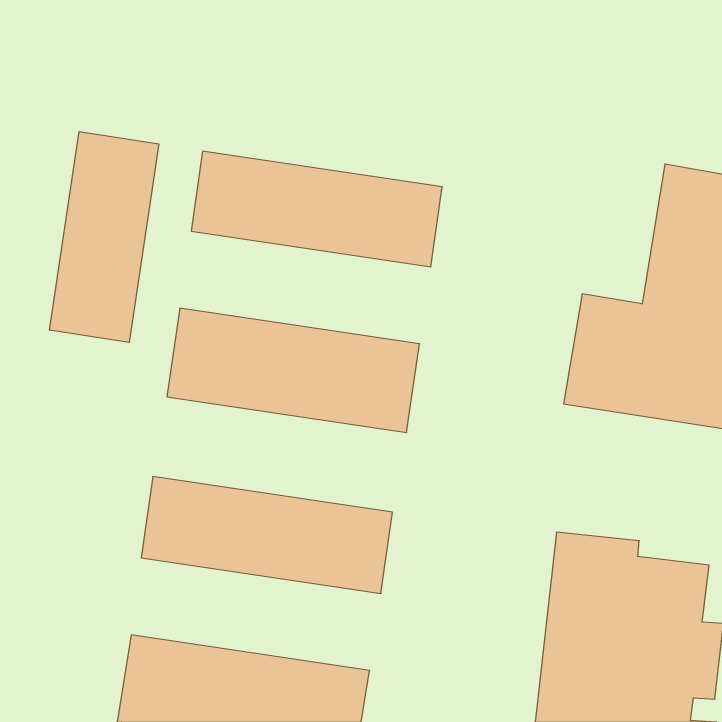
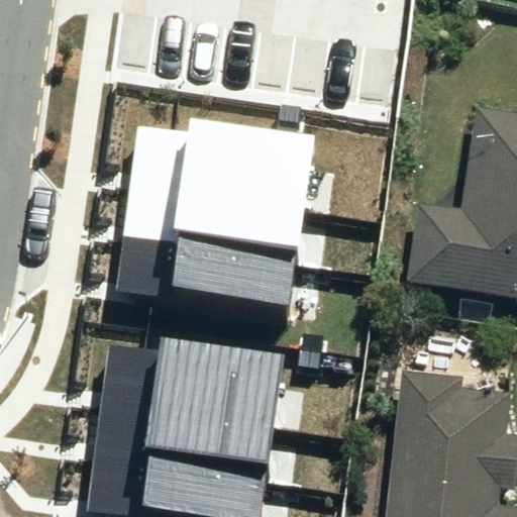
building: [50,132,159,343] -> none
building: none -> [132,164,310,243]
building: none -> [97,395,275,475]

